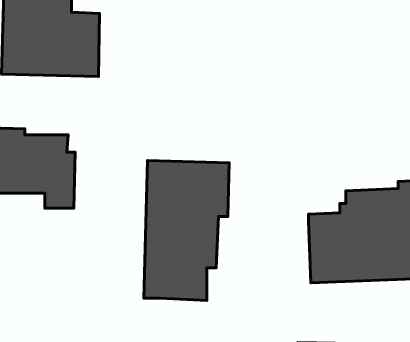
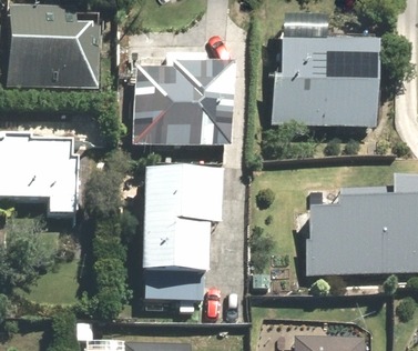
building: none -> [267,46,373,130]
building: none -> [130,61,230,149]

